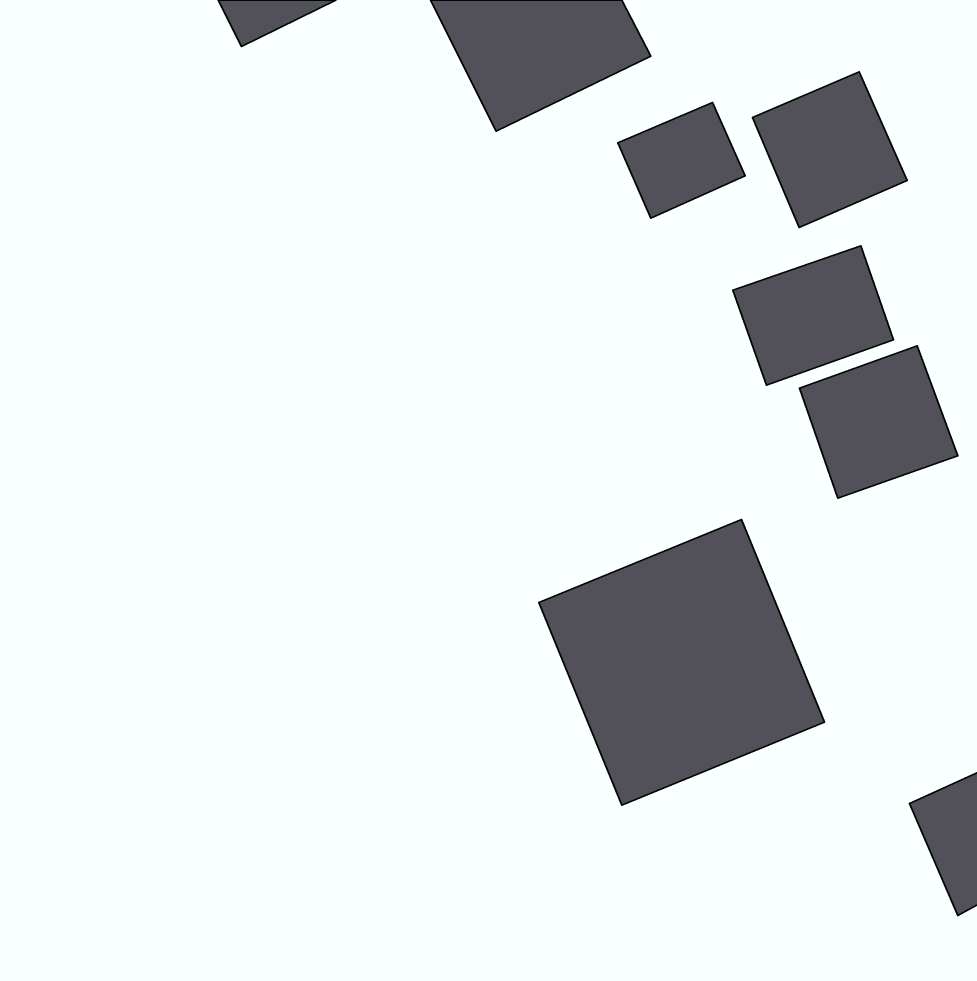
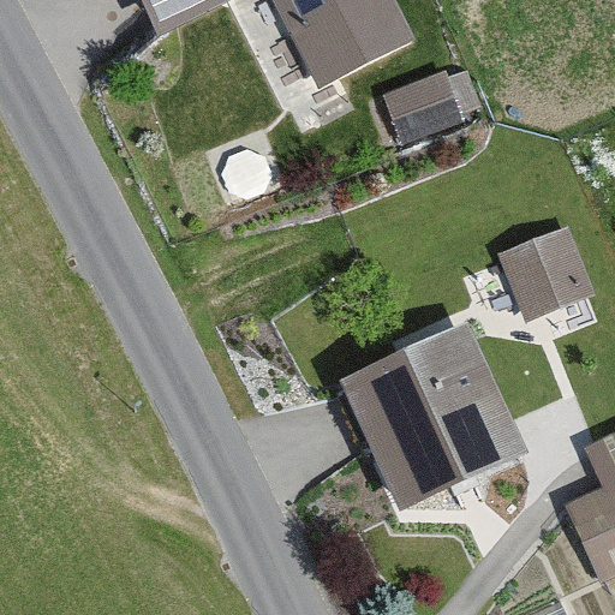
building: [753,72,907,227] -> none
building: [733,246,893,385] -> none

